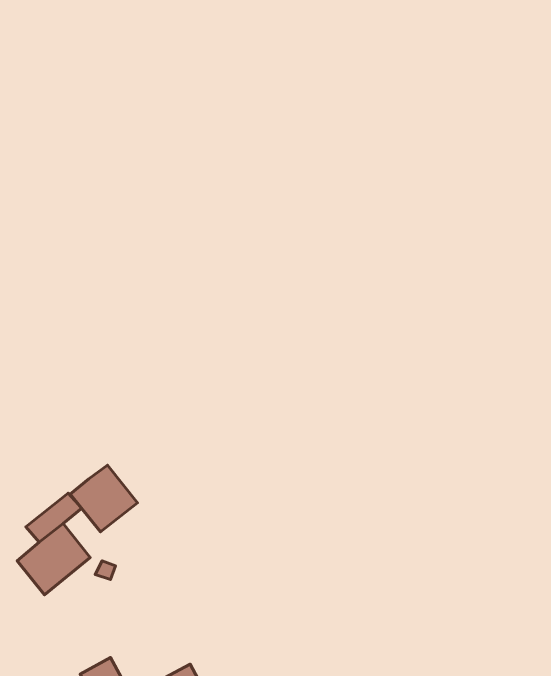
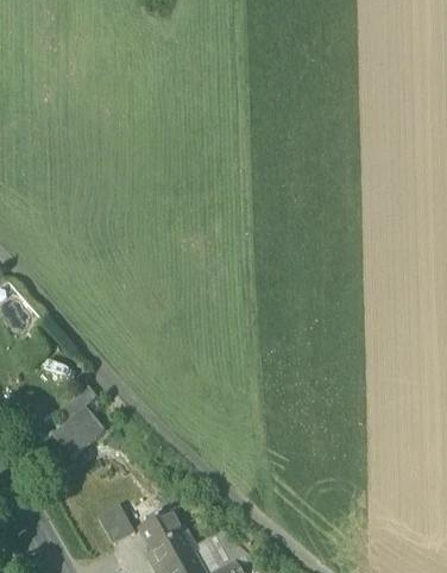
building: [70,465,138,532] -> none

